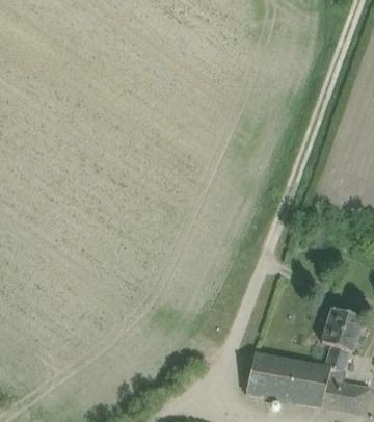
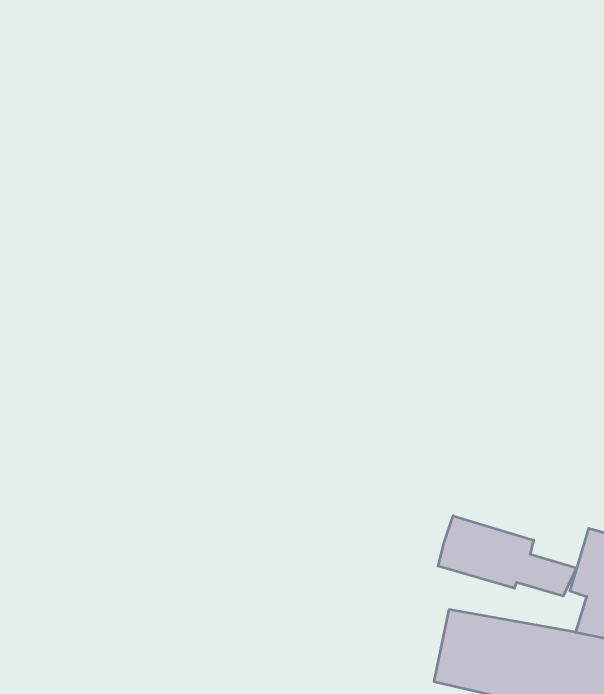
building: none -> [438,516,577,596]

